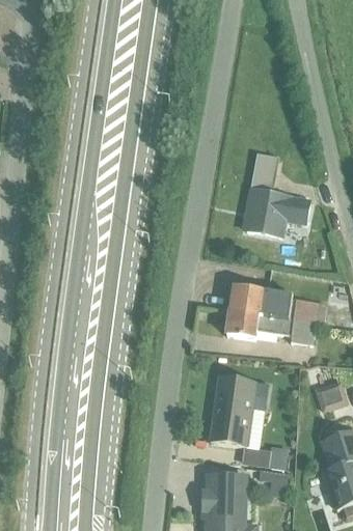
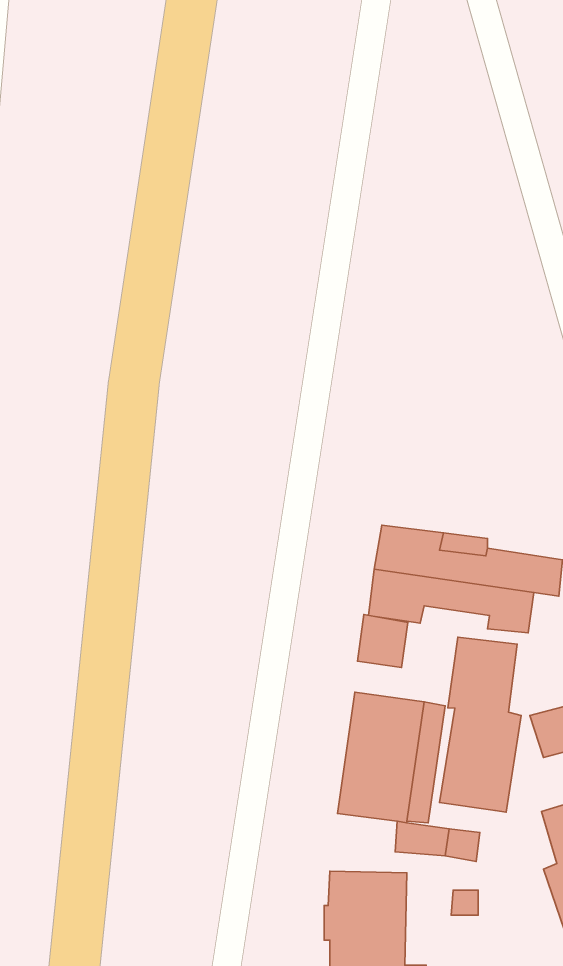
building: [246,153,309,236] -> none
building: none -> [358,615,408,667]
building: none -> [440,637,521,812]

